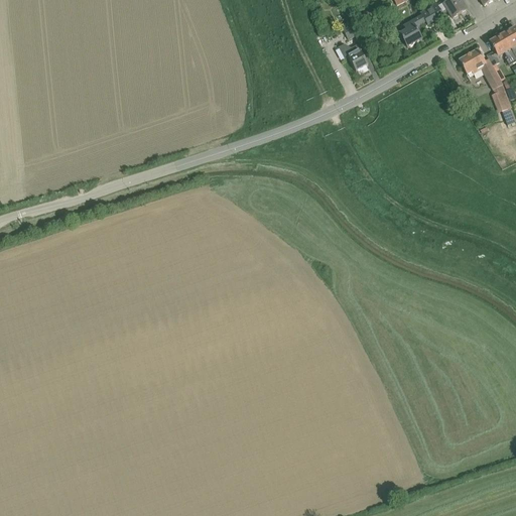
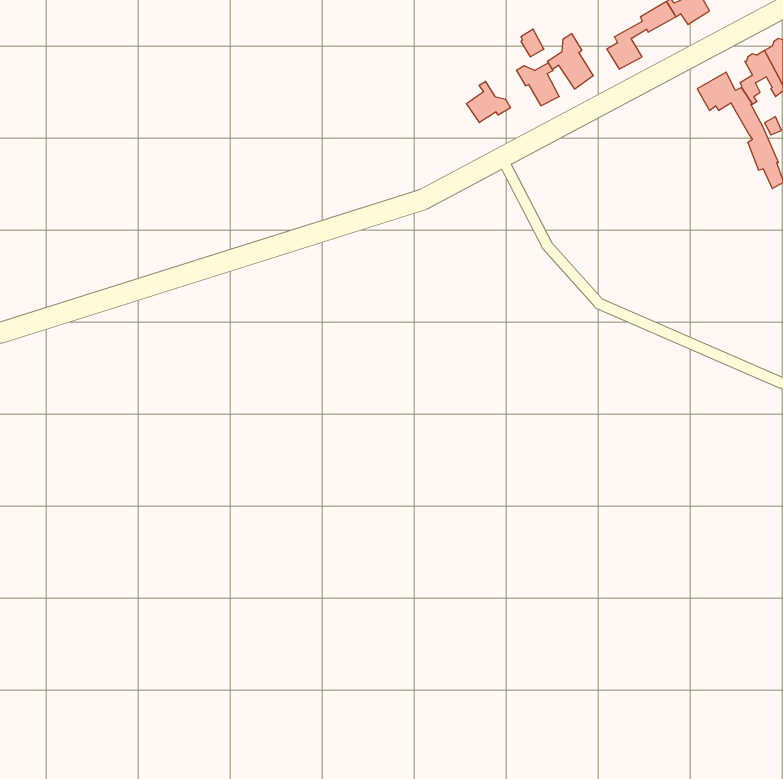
building: none -> [547,34,593,89]
building: none -> [467,81,511,123]

